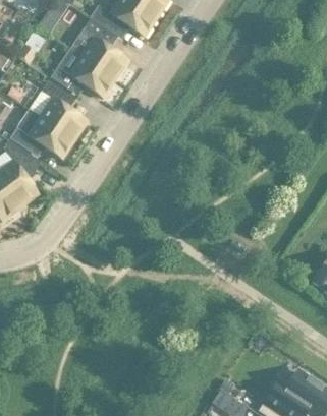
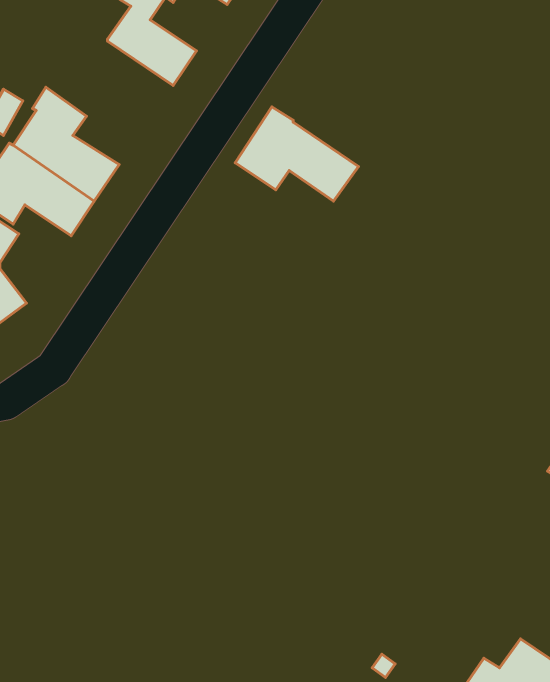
building: [51,47,116,97] -> [235,107,359,201]

